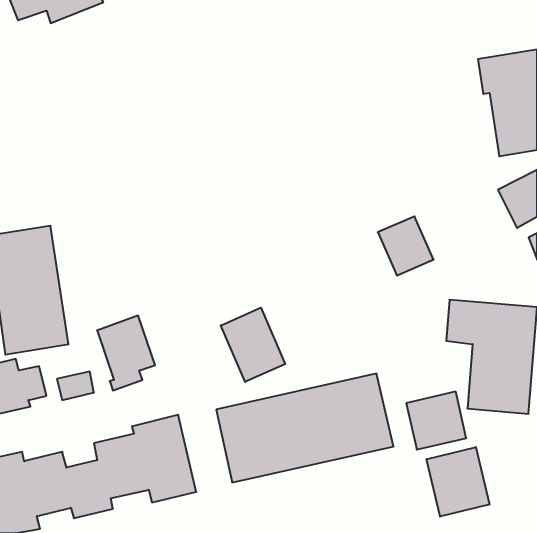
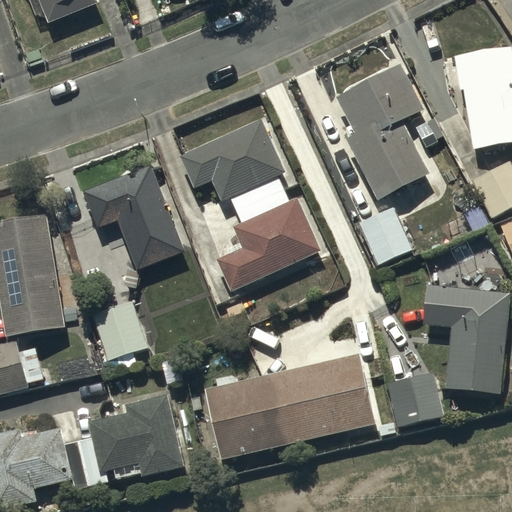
building: none -> [335,65,427,199]
building: none -> [179,119,320,292]
building: none -> [85,165,182,267]
building: [221,308,285,382] -> none
building: [427,447,489,517] -> none

